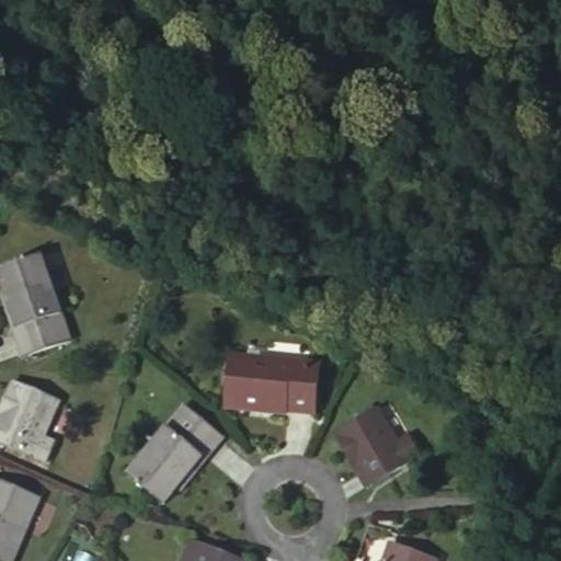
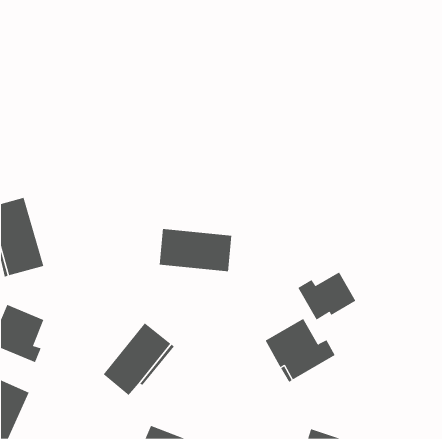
building: none -> [297,272,356,321]
building: [226,357,319,412] -> [159,229,232,272]

